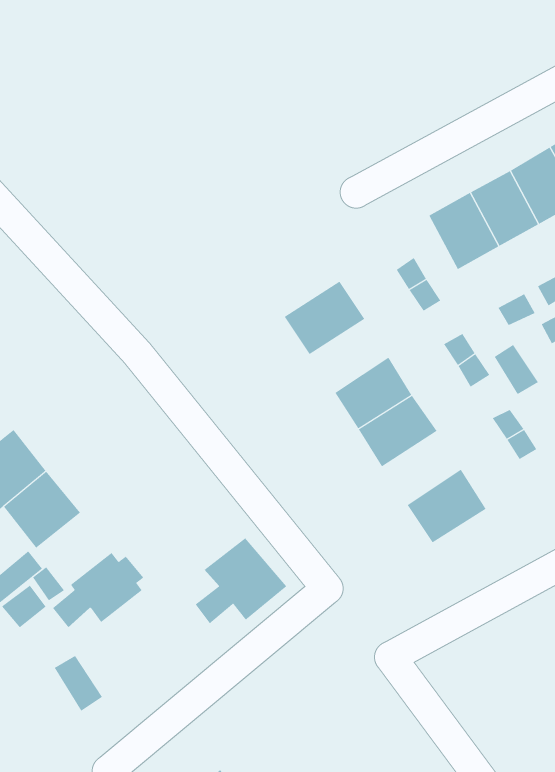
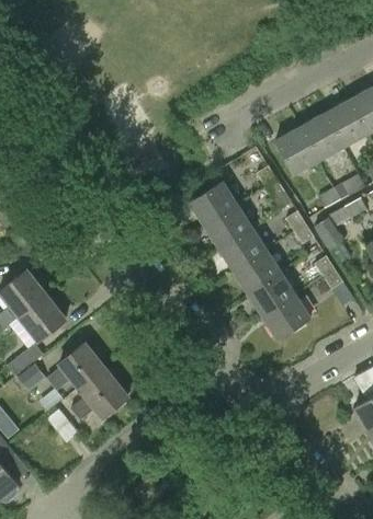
building: none -> [204,203,252,247]
building: none -> [248,270,296,315]
building: [195,537,287,624] -> [72,367,128,419]

